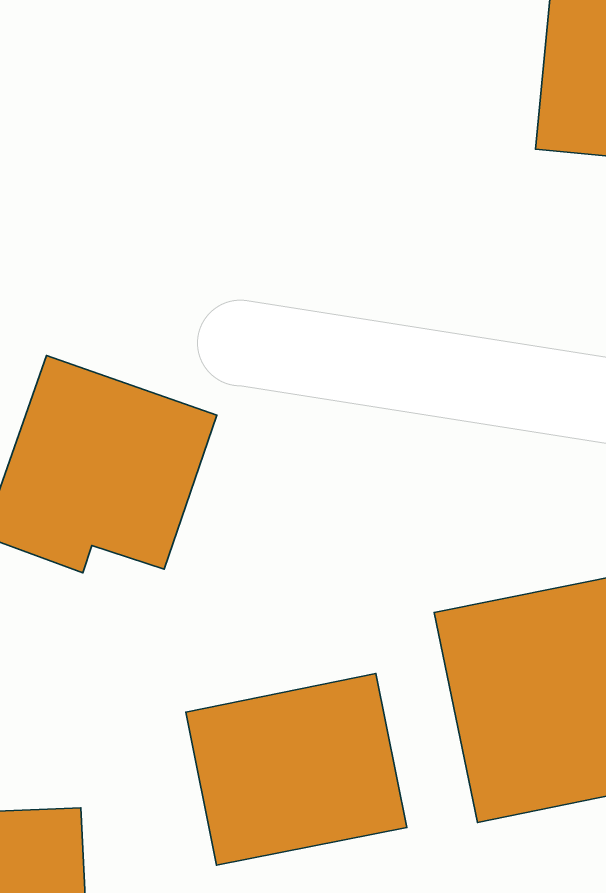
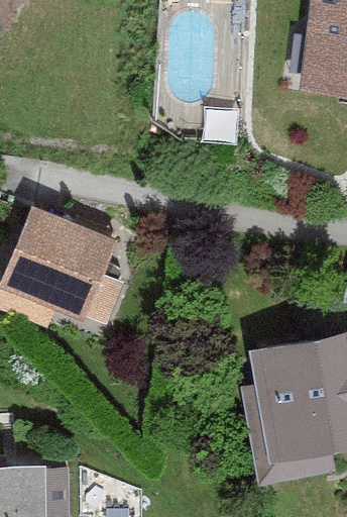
building: [186,673,407,865] -> none

